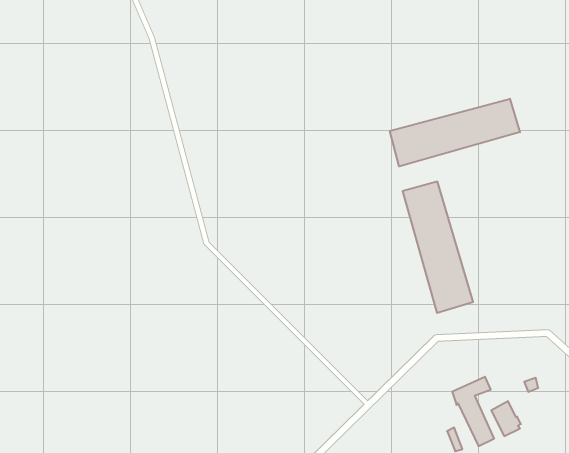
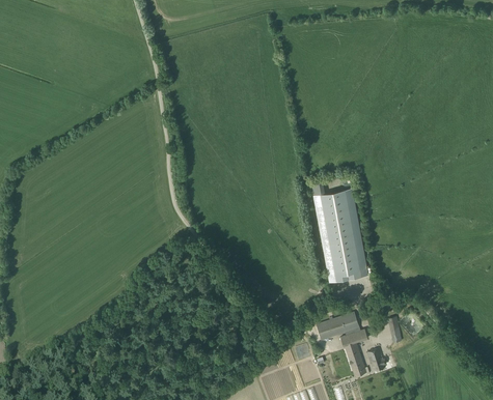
building: [390,99,520,166] -> none
building: none -> [317,311,360,340]

